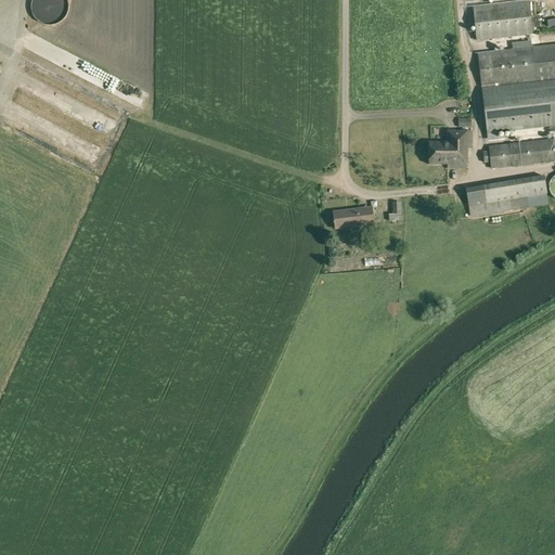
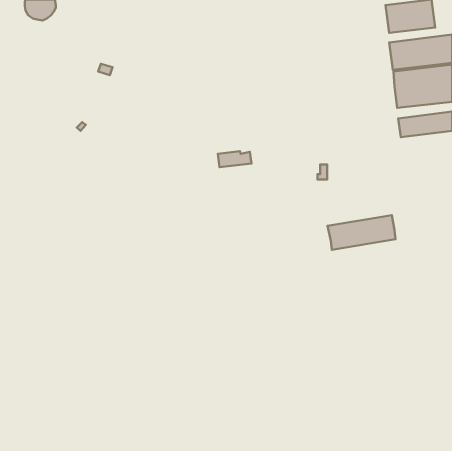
building: [429,131,472,167] -> none
building: [465,175,548,217] -> [327,215,395,250]
building: [333,208,374,228] -> [218,151,251,167]

